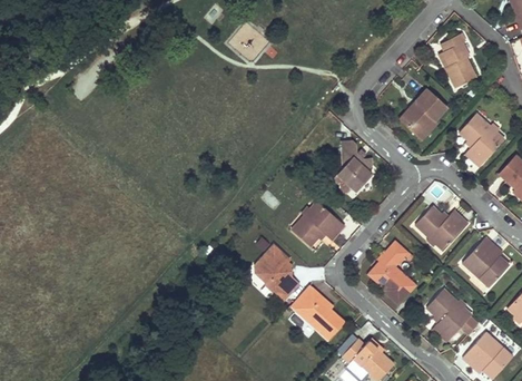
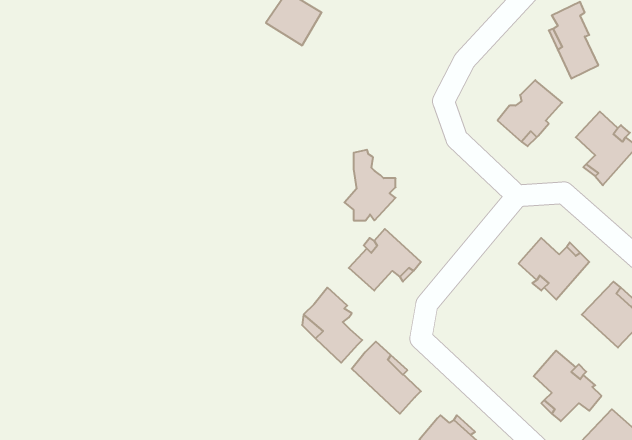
building: [333,138,371,190] -> [344,150,396,220]
building: [368,240,416,303] -> none

